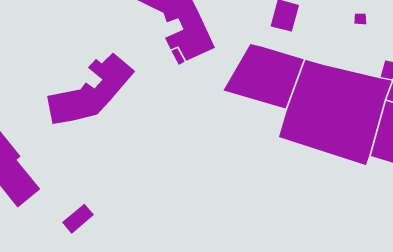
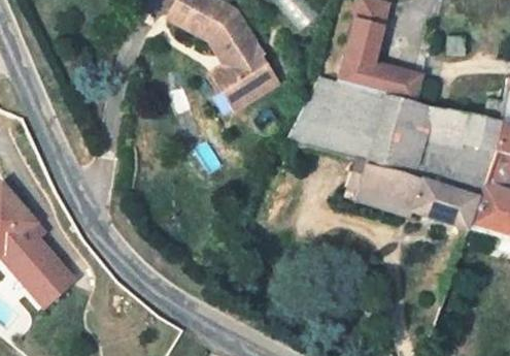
building: none -> [337,57,420,104]
building: [46,51,137,125] -> none
building: [61,202,95,235] -> [28,261,71,302]

